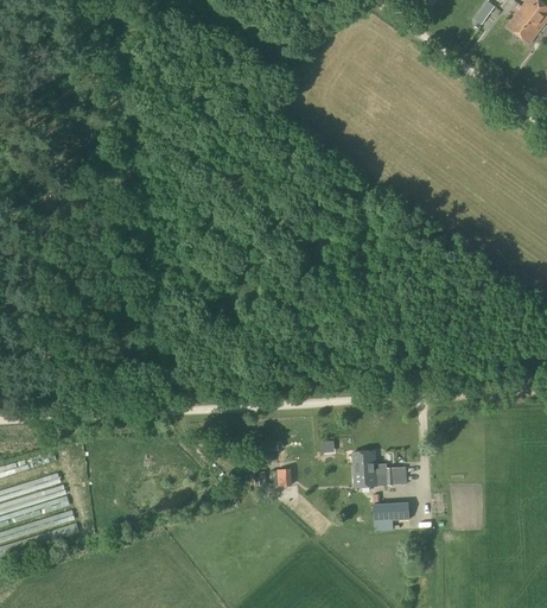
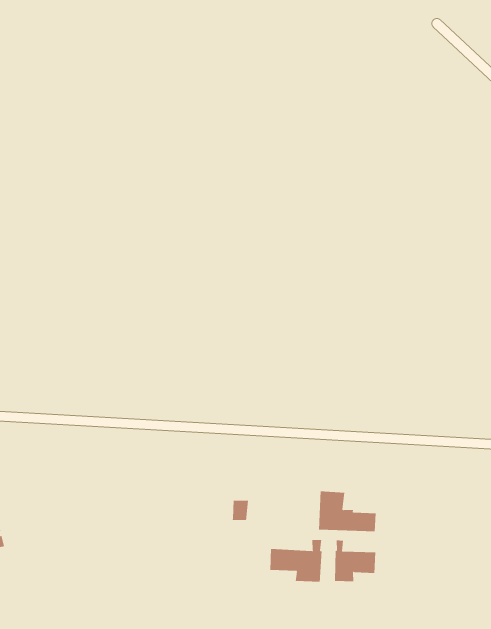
building: none -> [270,539,322,582]

